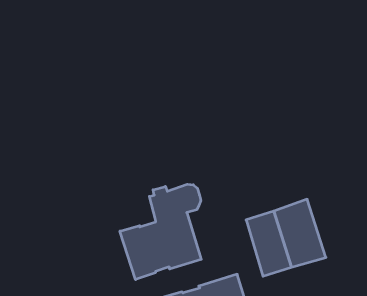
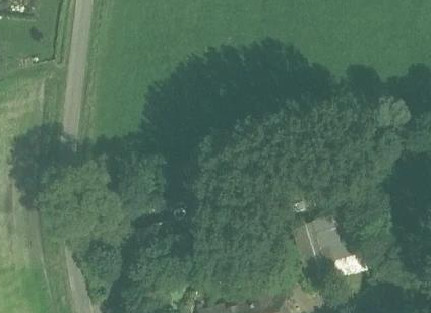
building: [120,184,201,280] -> none

